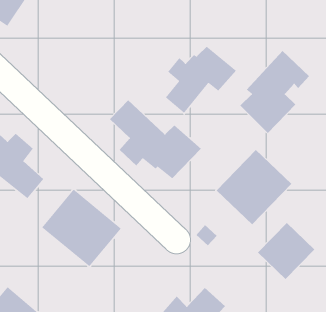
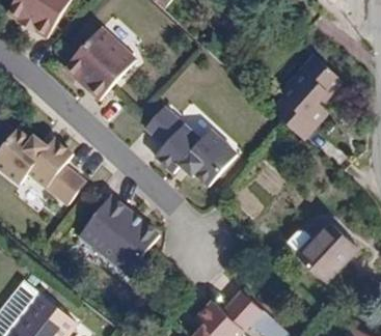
building: none -> [64,27,137,100]
building: [165,46,237,114] -> none
building: [216,149,292,225] -> none

